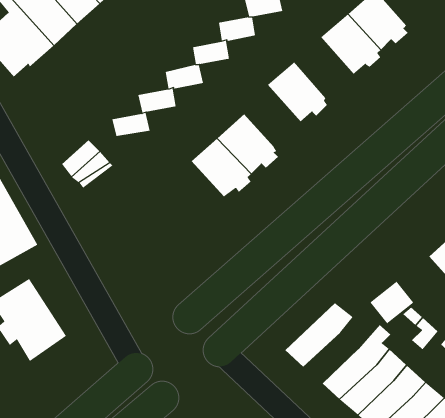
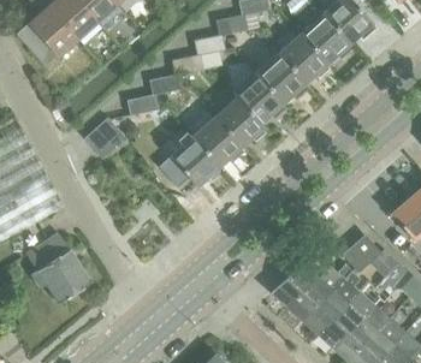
building: none -> [280,32,330,83]
building: none -> [235,72,286,124]
building: none -> [170,136,221,188]
building: none -> [287,263,351,321]

